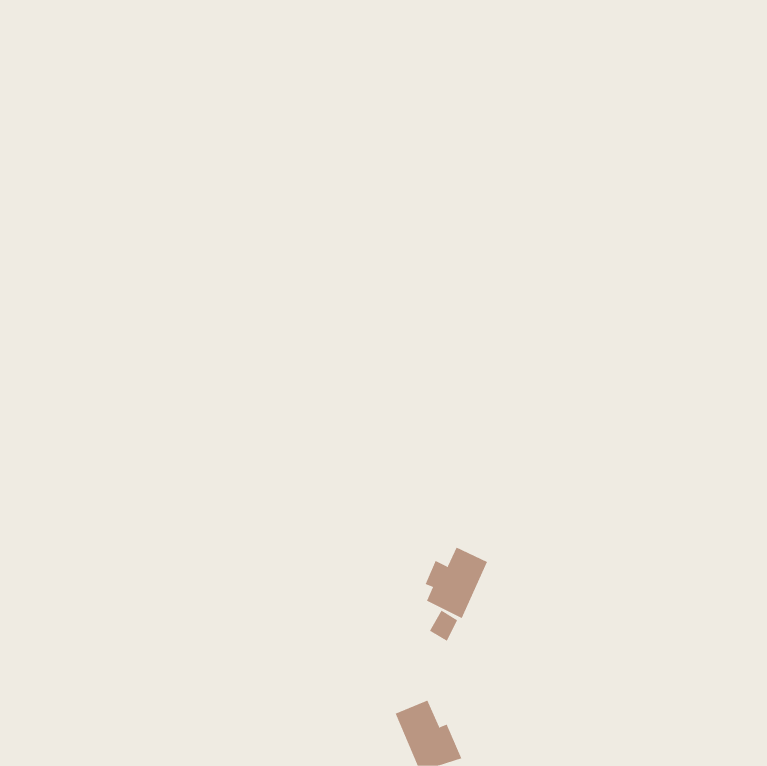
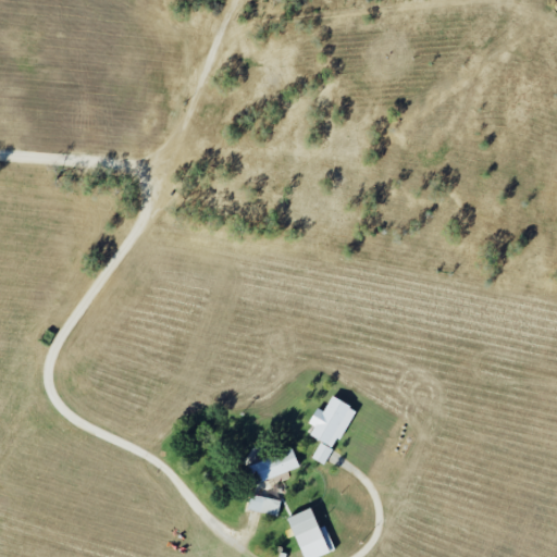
building: none -> [248,448,299,483]
building: none -> [247,494,281,515]

